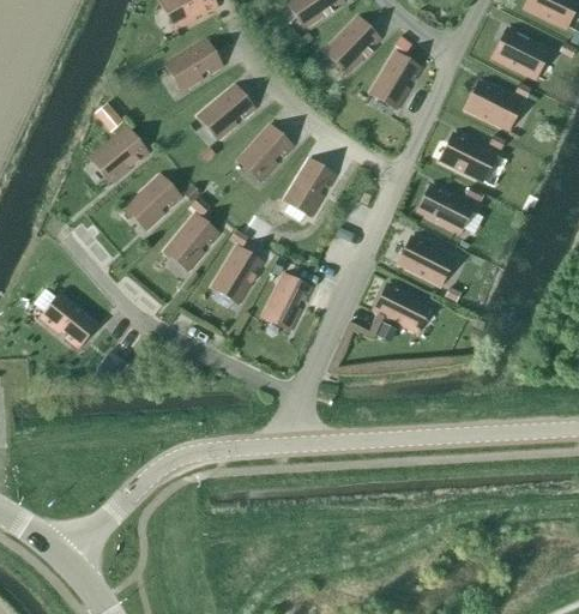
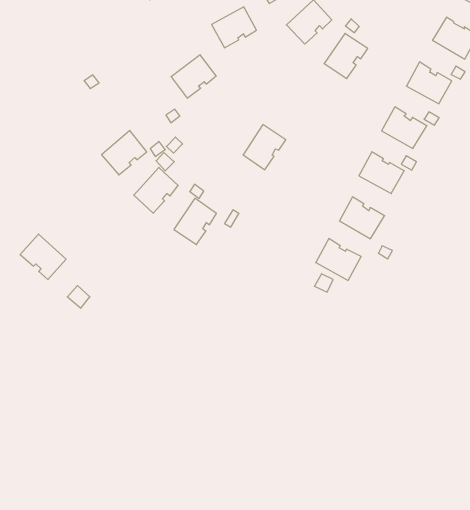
building: [170,40,221,86] -> [212,7,256,48]
building: [241,125,291,176] -> none
building: [95,127,146,176] -> none
building: [265,275,310,325] -> none

